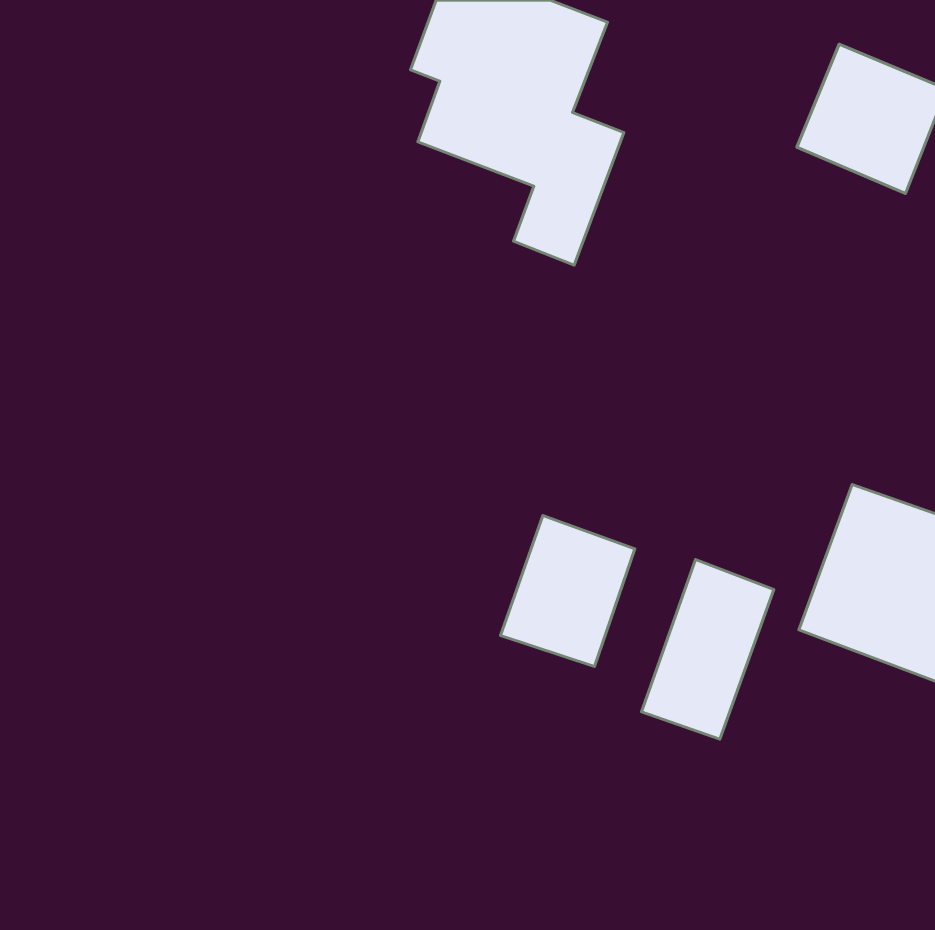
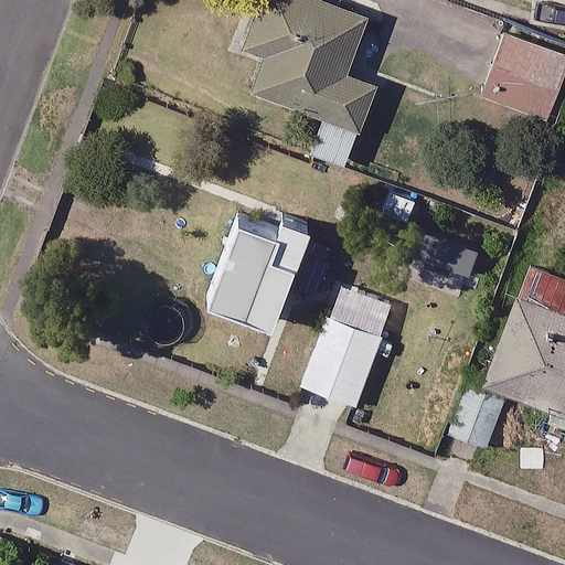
building: none -> [202,211,302,322]
building: [641,559,774,739] -> none

